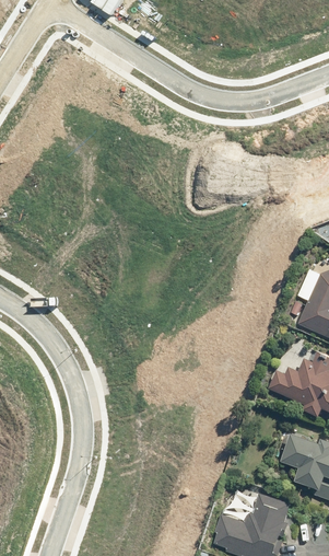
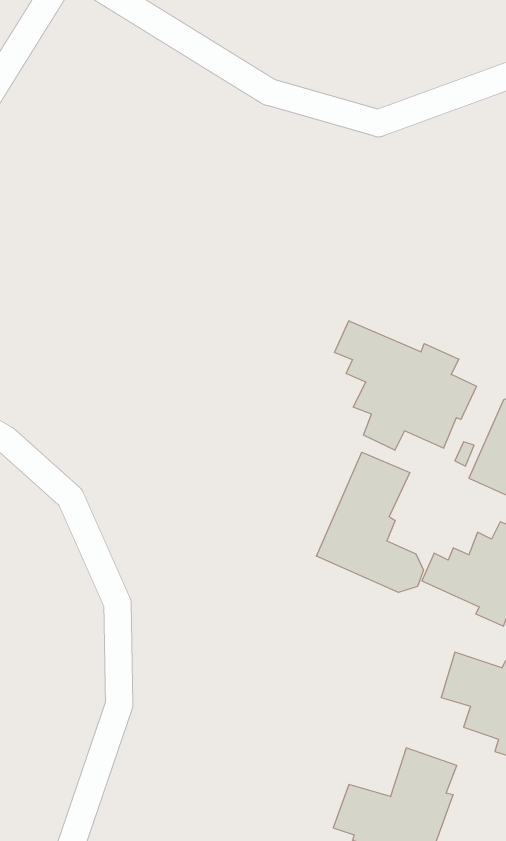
building: none -> [335,321,477,450]
building: none -> [316,452,423,592]

